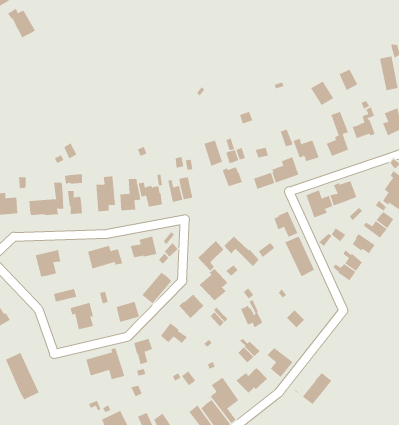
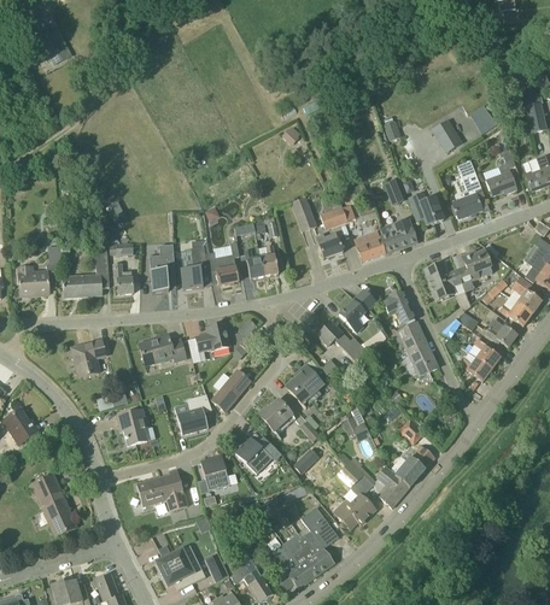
building: [197,240,224,272] -> [340,290,375,331]
building: [293,373,332,405] -> [385,445,435,487]

